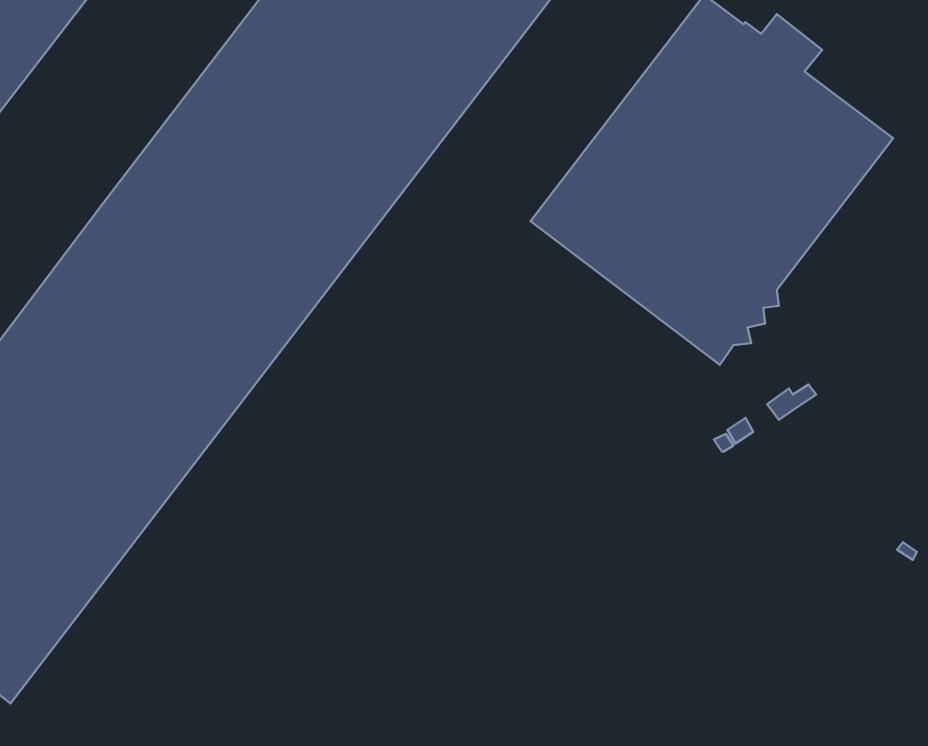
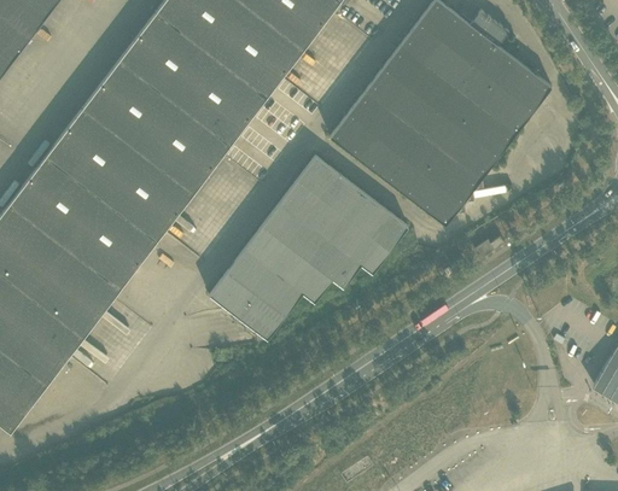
building: none -> [209,156,408,340]

